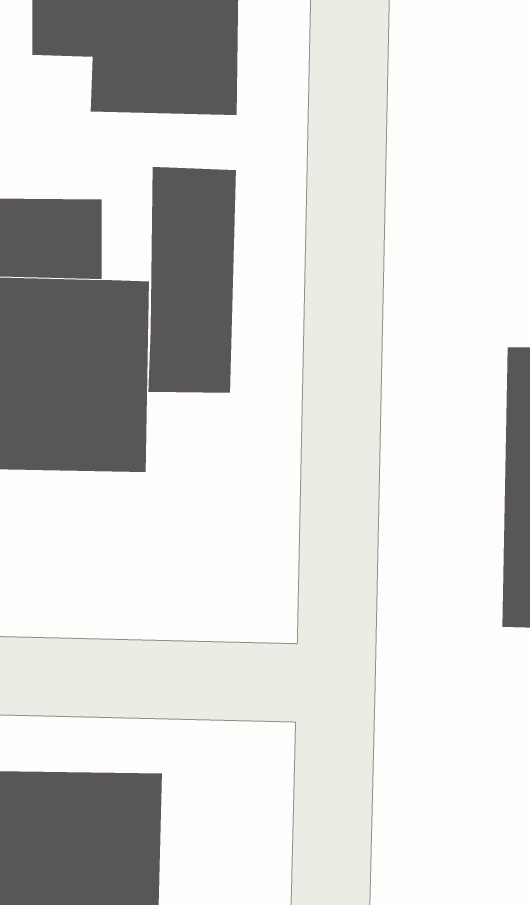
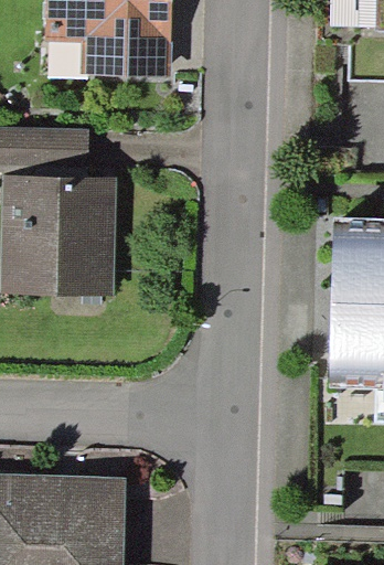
building: [148,166,236,394] -> none

